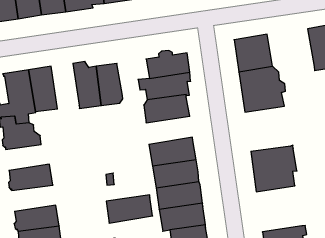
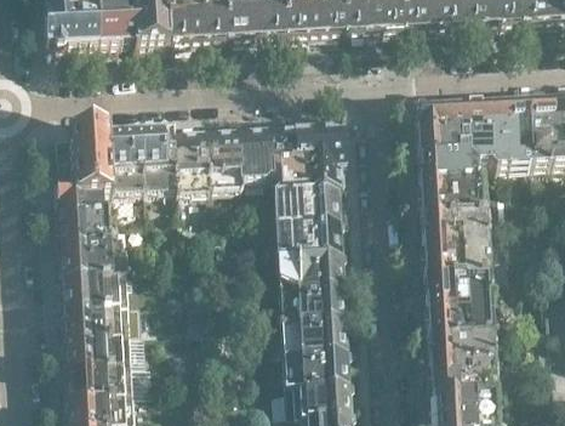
building: none -> [468,102,533,166]
building: none -> [241,125,287,176]
building: none -> [143,121,179,187]
building: none -> [424,214,491,277]
building: none -> [62,238,124,272]
building: none -> [65,300,131,334]
building: none -> [430,334,497,398]
building: [106,195,153,223] -> [276,216,343,252]

